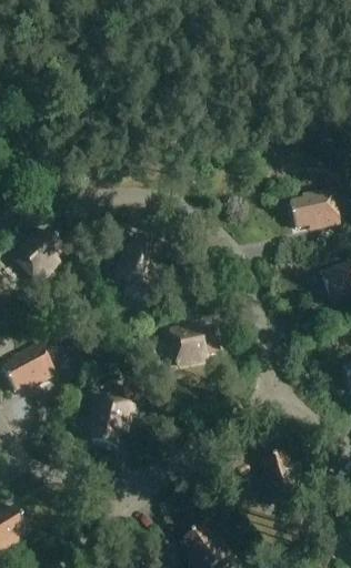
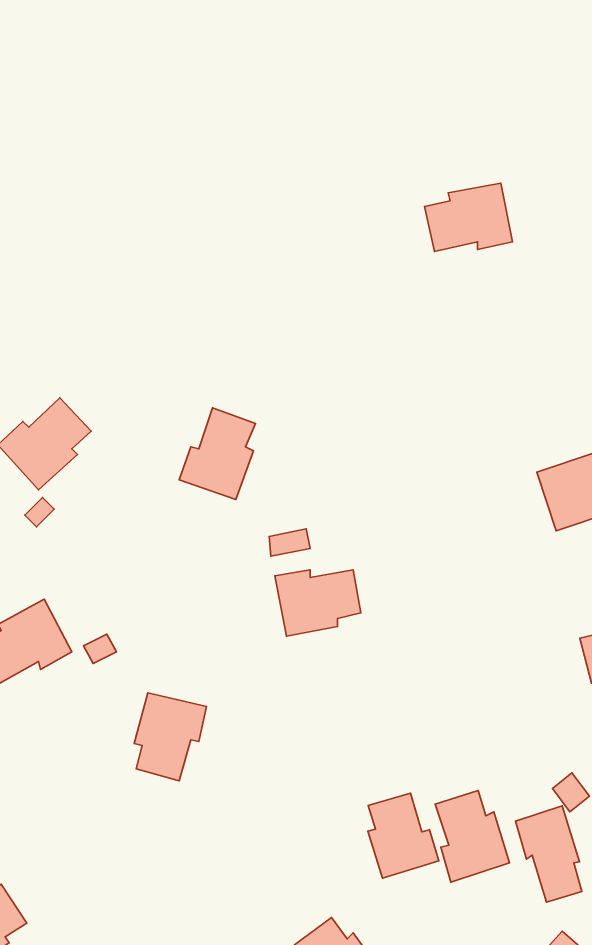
building: [289,189,339,227] -> [425,183,513,252]
building: none -> [368,793,439,878]
building: none -> [515,806,582,902]

